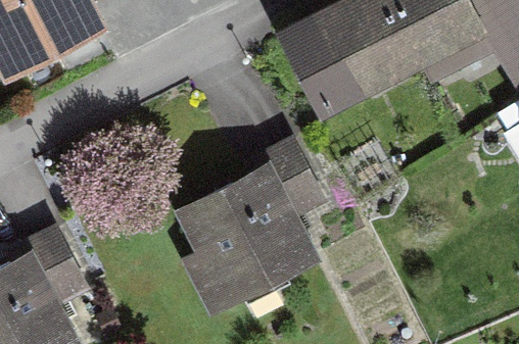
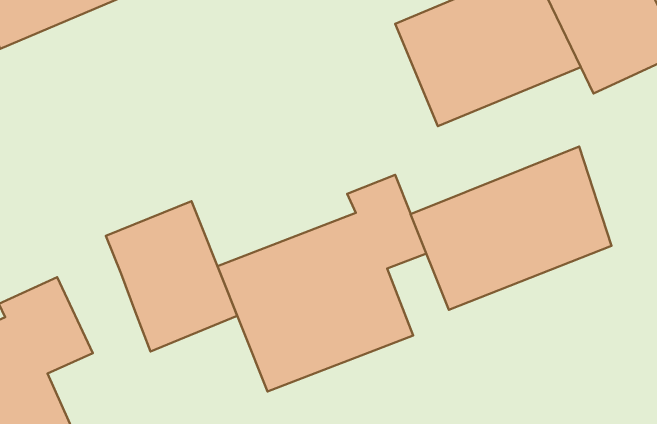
building: none -> [411,146,611,310]
building: none -> [106,201,237,351]

